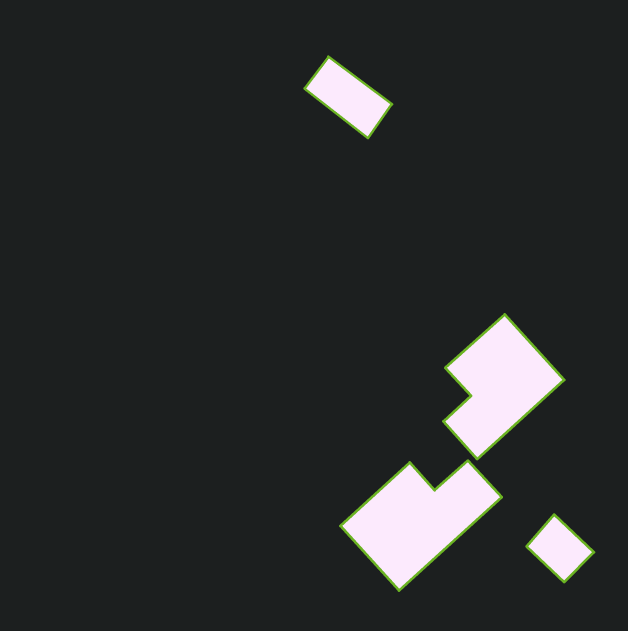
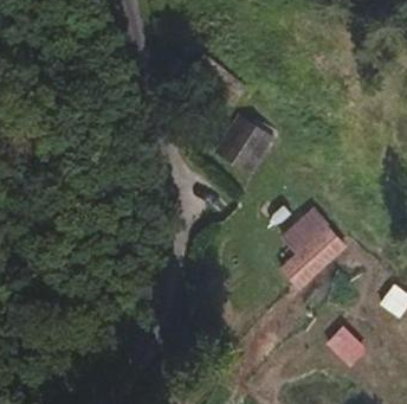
building: none -> [218,115,271,169]
building: [340,461,502,591] -> none

